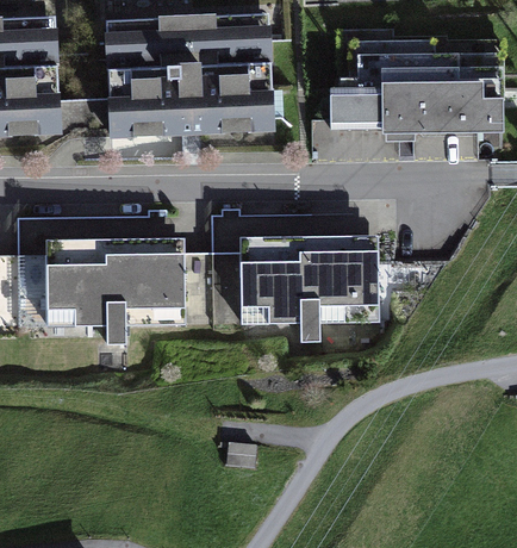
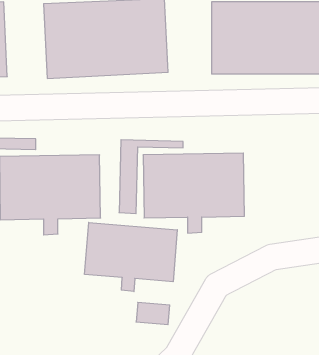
building: none -> [85,222,177,292]

